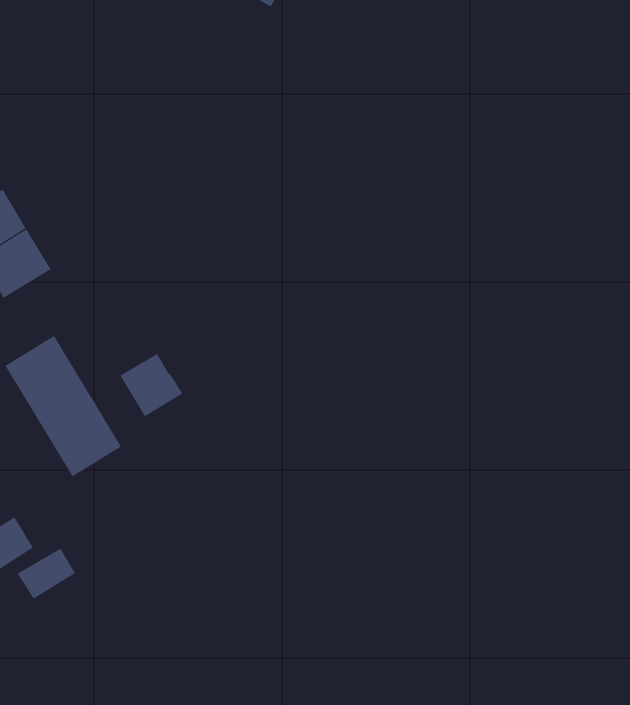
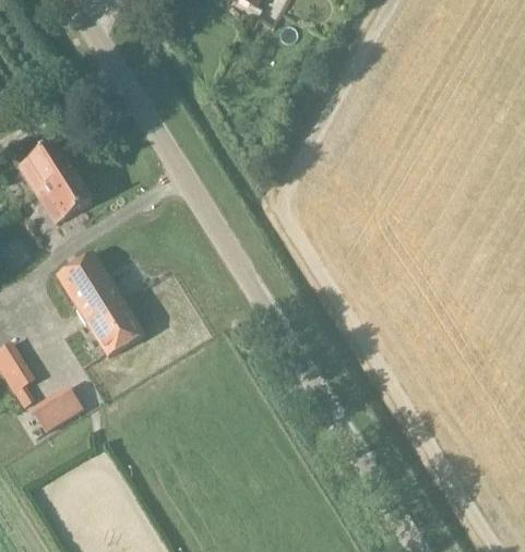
building: [119,353,183,417] -> none
building: [17,548,76,599] -> none

